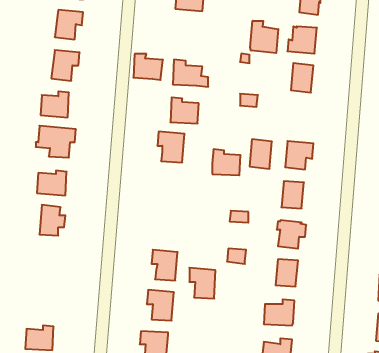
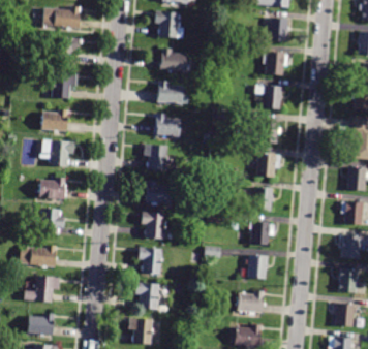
building: [250,21,278,53] -> none
building: [133,54,163,80] -> [162,49,188,71]
building: [250,139,272,169] -> [260,119,280,145]
building: [212,149,241,175] -> [148,181,173,203]
building: none -> [22,245,58,267]
building: [189,268,215,299] -> [144,212,166,239]
building: none -> [27,276,61,303]

